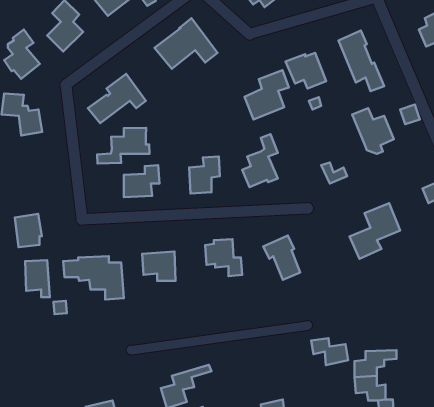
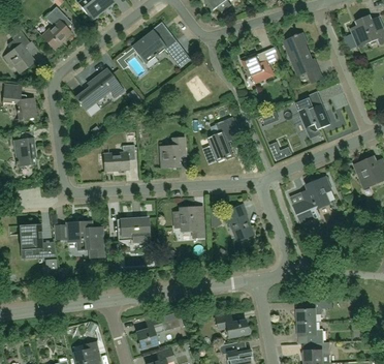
building: [245,70,289,119] -> none
building: [97,128,149,164] -> none
building: [15,214,42,247] -> [12,139,35,166]
building: [311,338,348,365] -> [216,314,247,337]

